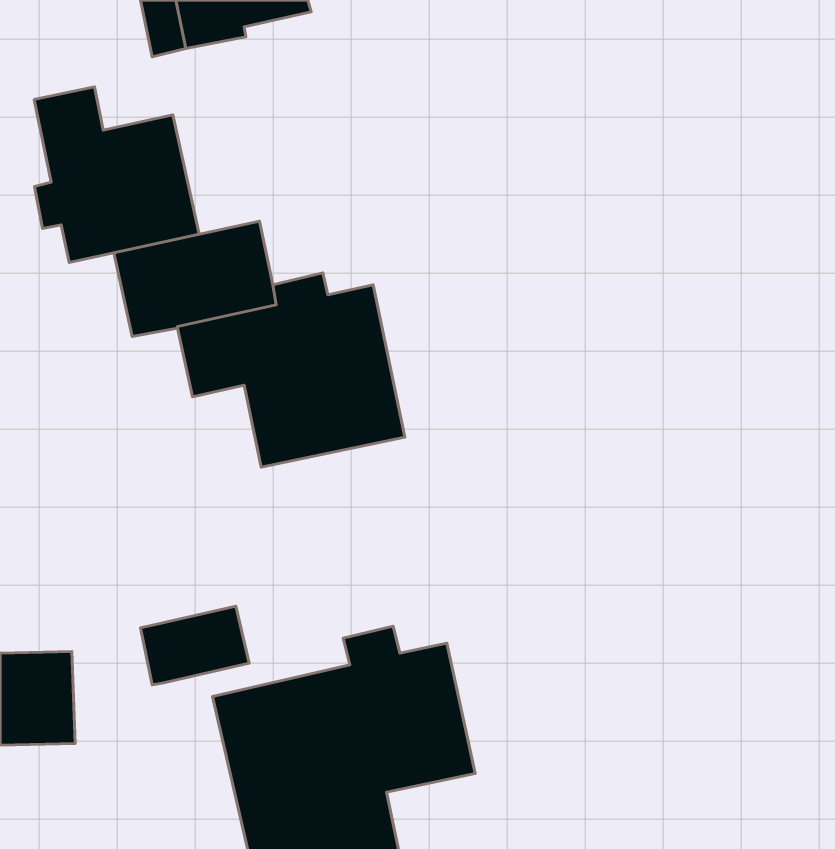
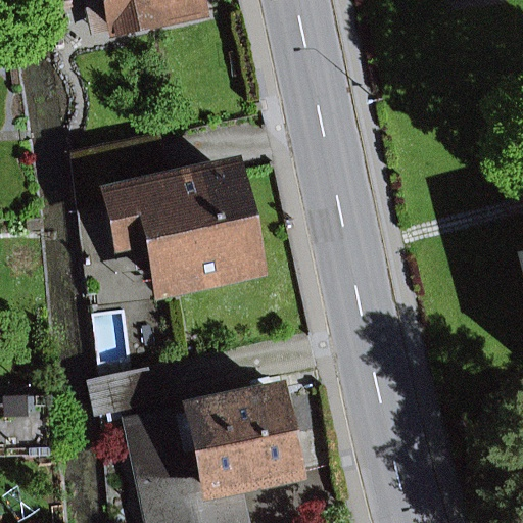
building: [34,87,199,263] -> none

